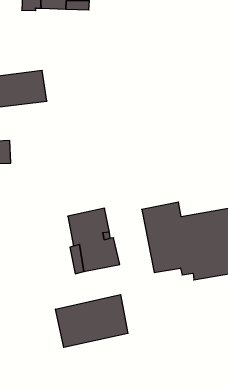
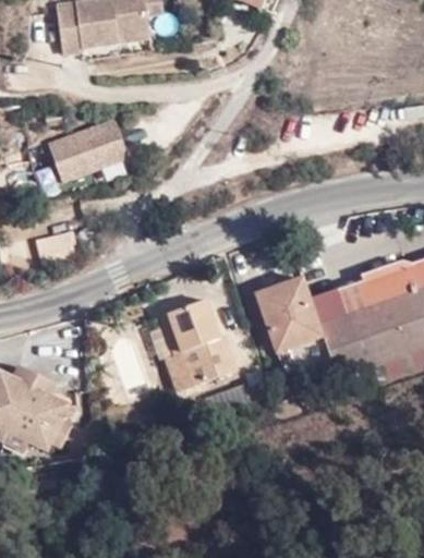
building: [56,295,128,347] -> none

